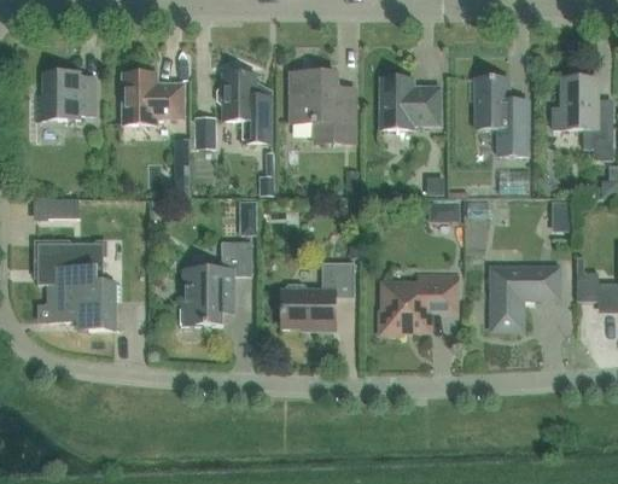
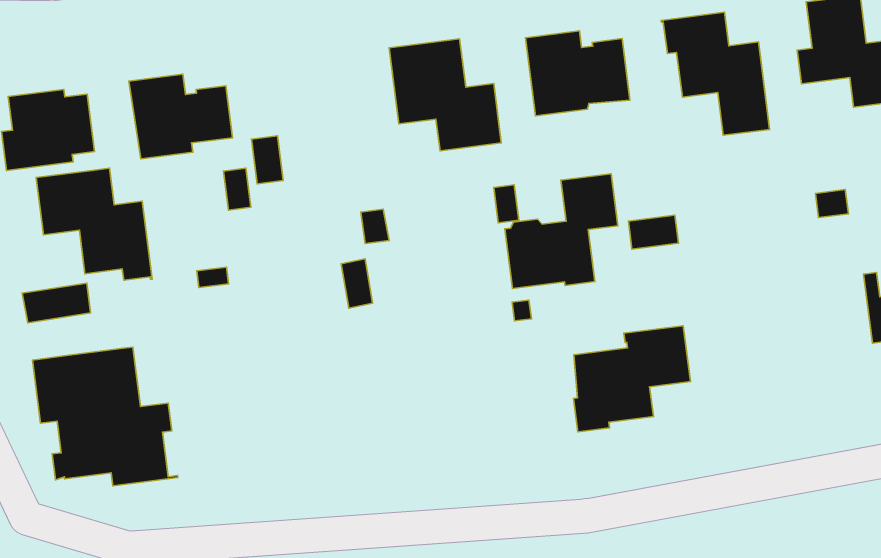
building: [216,71,272,141] -> none
building: none -> [36,168,152,280]
building: [179,240,252,323] -> none
building: [281,261,354,328] -> [505,174,618,288]
building: [491,266,559,328] -> none

